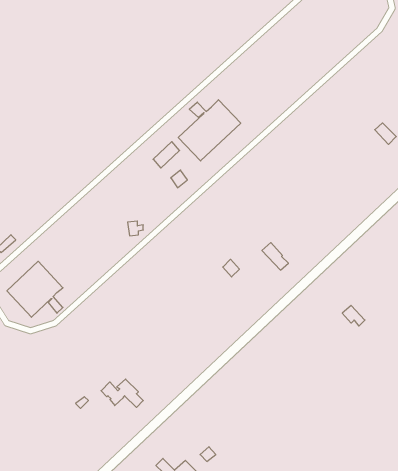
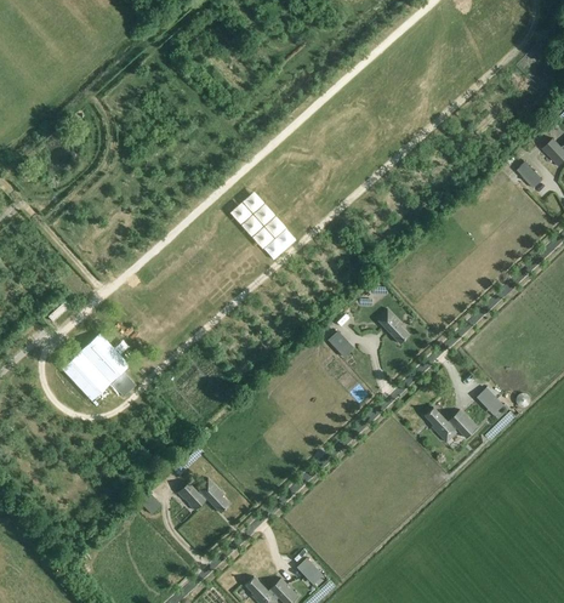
building: [178,100,241,161] -> none
building: none -> [425,408,477,443]

